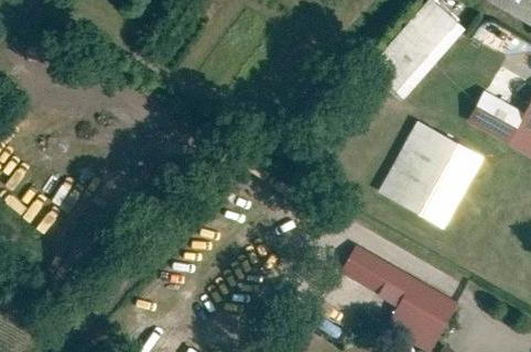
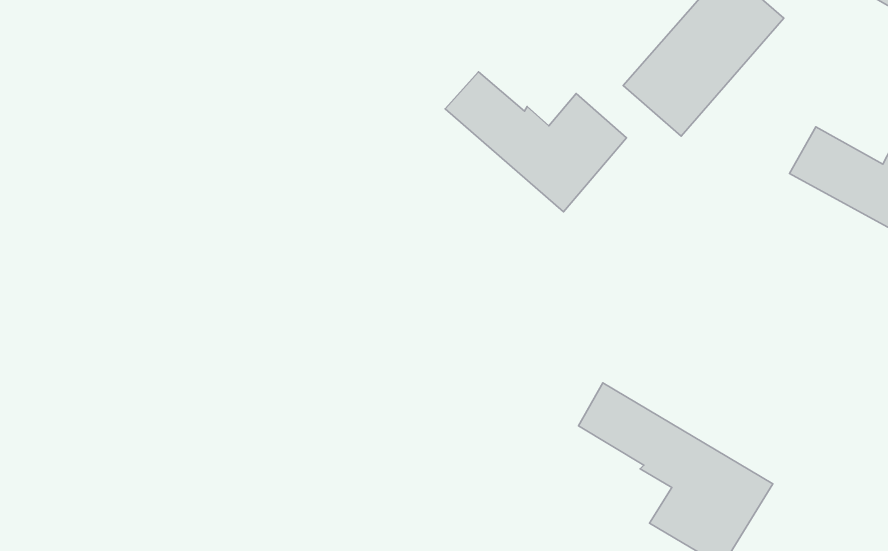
building: none -> [445,72,627,212]
building: [380,123,481,229] -> none

